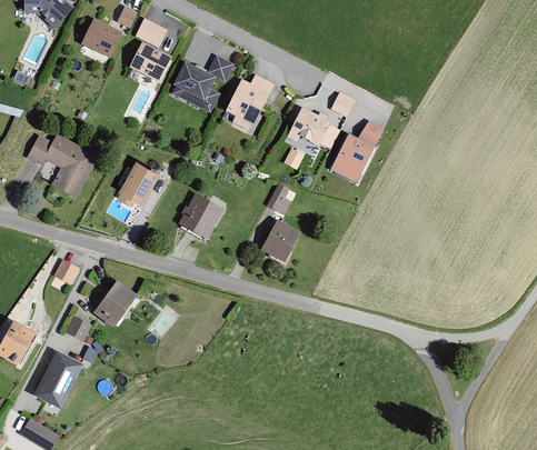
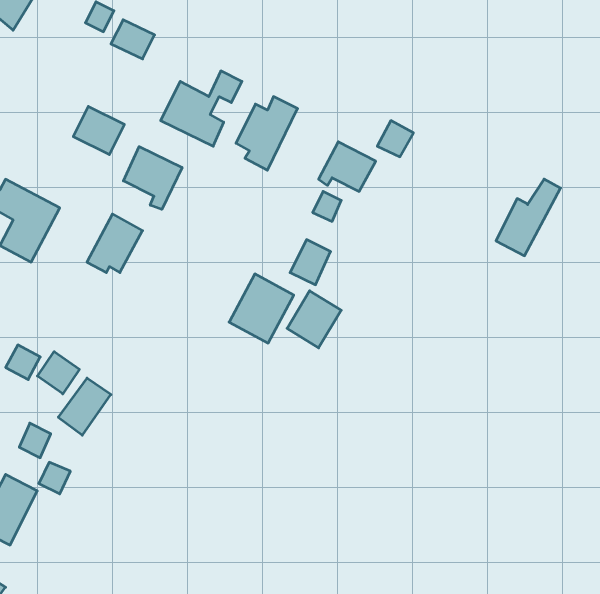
building: [82,20,118,54] -> none
building: [130,43,168,79] -> [73,106,124,155]
building: none -> [123,147,182,209]
building: [332,121,380,178] -> [496,179,561,256]
building: [179,191,227,242] -> [229,274,294,343]
building: none -> [37,352,79,394]

